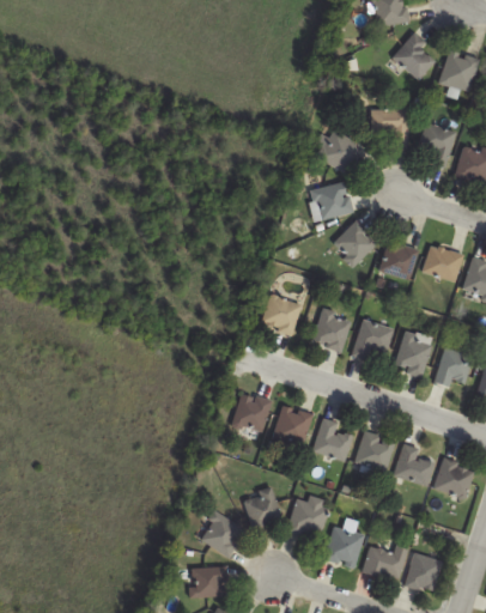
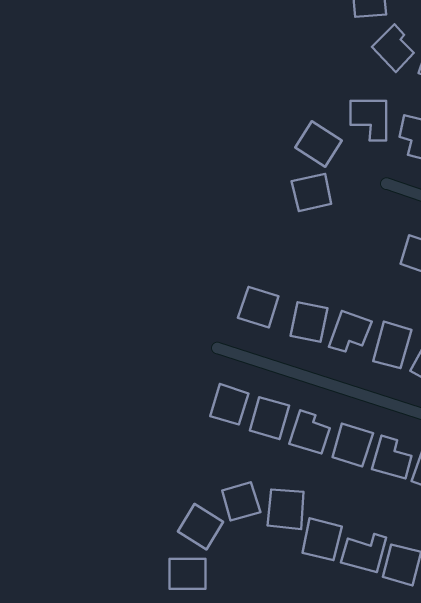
building: [332,220,377,266] -> none
building: [379,241,418,279] -> none

